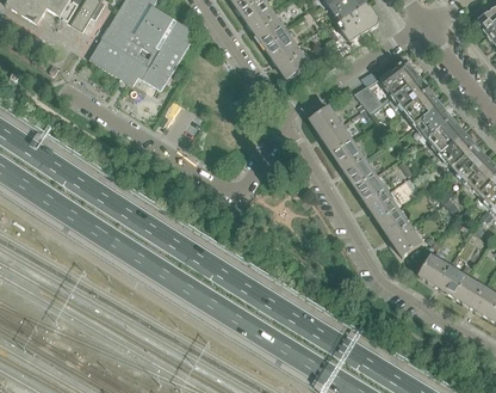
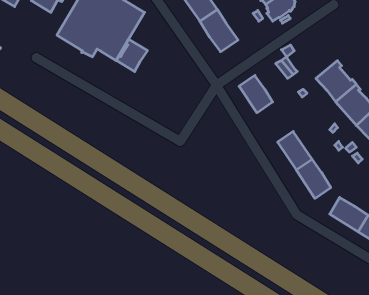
building: [380,59,429,113] -> none
building: none -> [117,39,147,72]
building: [331,135,376,189] -> none

